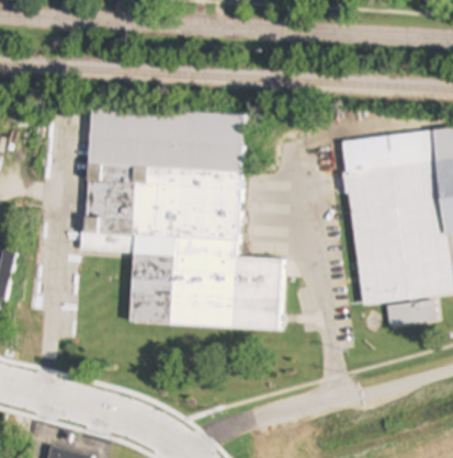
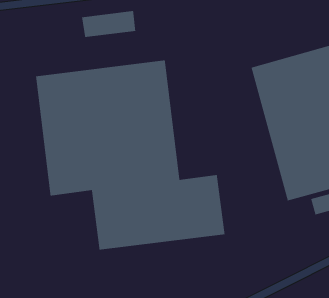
building: none -> [81,10,136,38]

